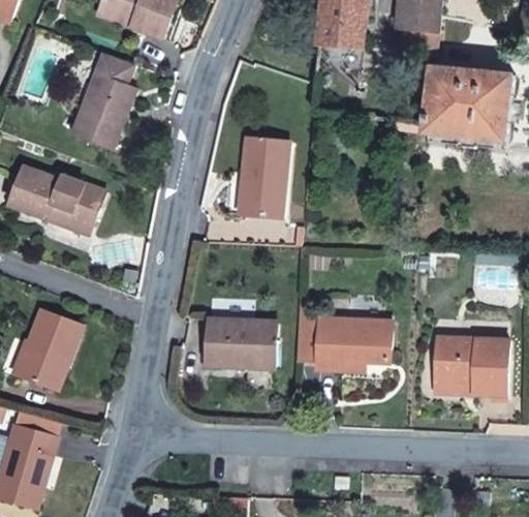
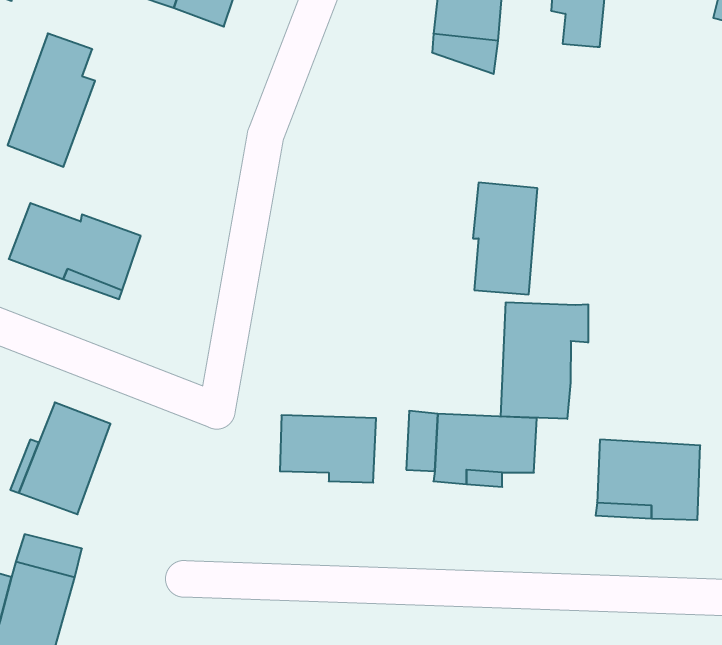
building: [73,53,136,149] -> [8,33,95,167]
building: [421,66,512,141] -> none
building: [240,136,286,217] -> [473,183,537,294]
building: none -> [501,302,588,419]

